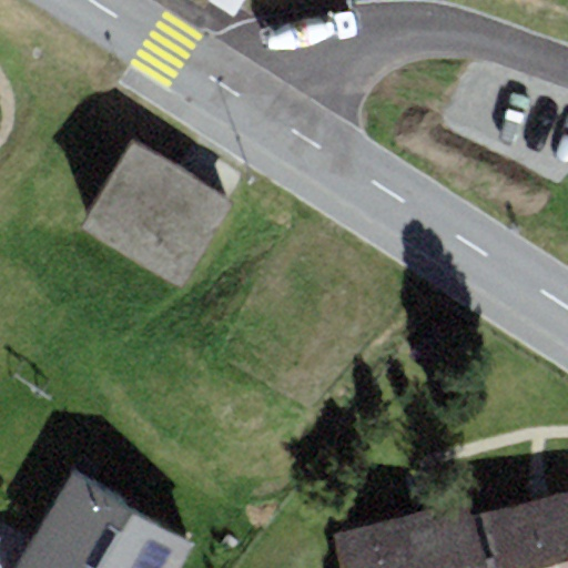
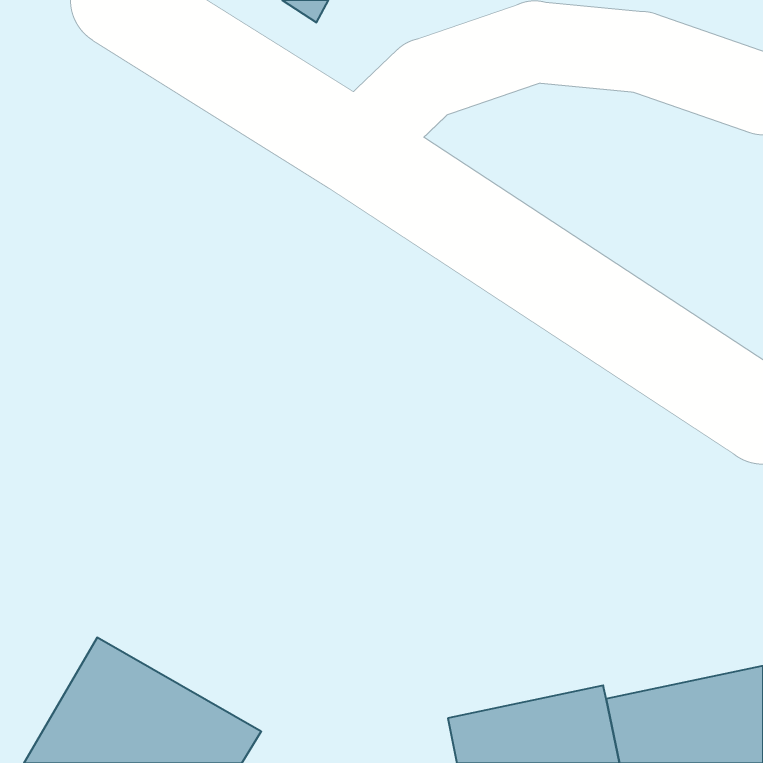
building: [82,142,234,286] -> none

